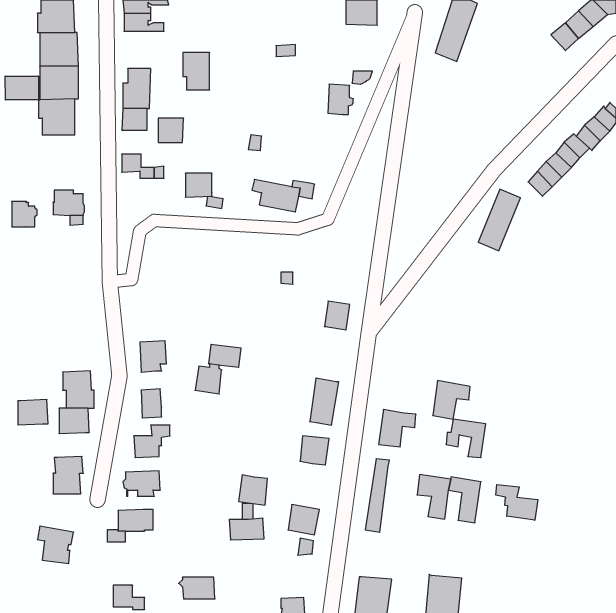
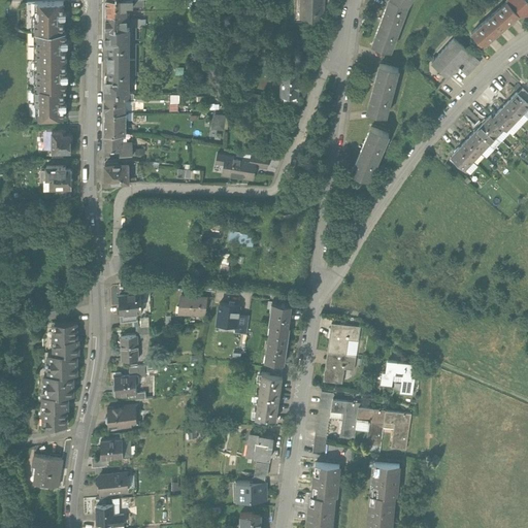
building: none -> [434,38,481,75]
building: [183,53,210,90] -> [106,29,129,61]
building: none -> [366,66,398,120]
building: [5,76,39,100] -> none
building: [158,118,184,142] -> [104,113,126,134]
building: [185,173,212,197] -> [104,161,127,182]
building: [478,189,520,251] -> [350,130,386,183]
building: [12,201,37,227] -> [52,129,73,151]
building: [324,301,350,330] -> [269,304,291,329]
building: [195,364,222,394] -> [217,303,239,329]
building: [433,381,470,419] -> [328,323,360,356]
building: [18,400,48,425] -> [48,372,74,394]
building: none -> [331,401,359,439]
building: [239,475,267,505] -> [254,397,278,423]
building: [496,485,538,520] -> none
building: [229,518,264,540] -> [236,483,266,501]
building: none -> [369,463,400,497]
building: none -> [309,465,340,499]
building: [179,577,215,599] -> [97,472,128,491]

